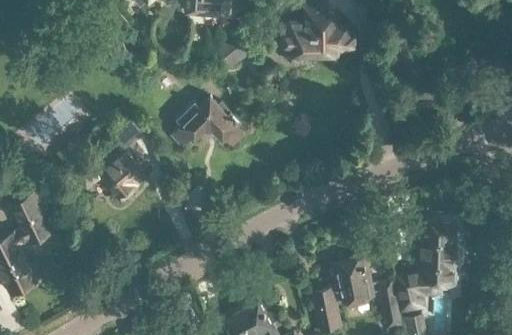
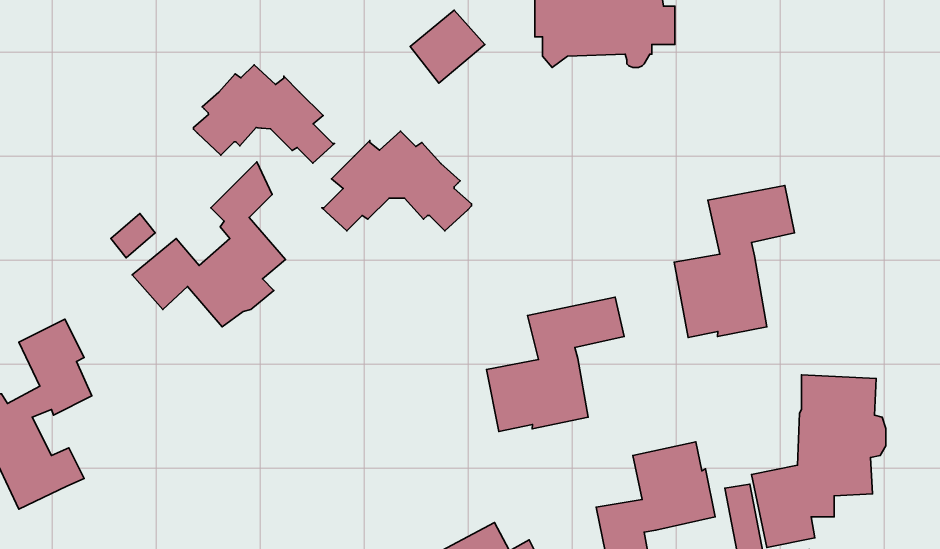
building: none -> [193,65,335,163]
building: none -> [674,185,794,337]
building: none -> [487,297,624,432]

